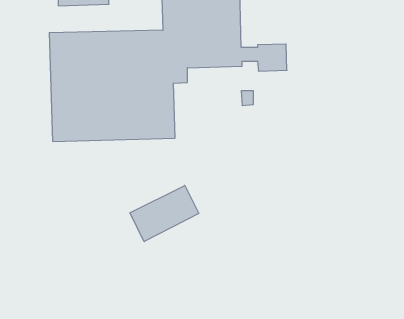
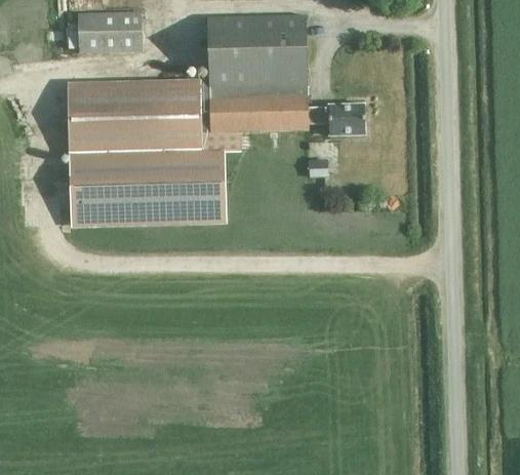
building: [130,185,199,242] -> none

